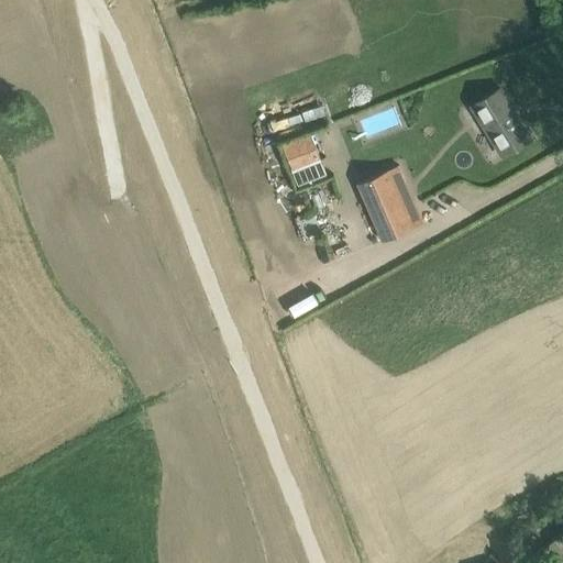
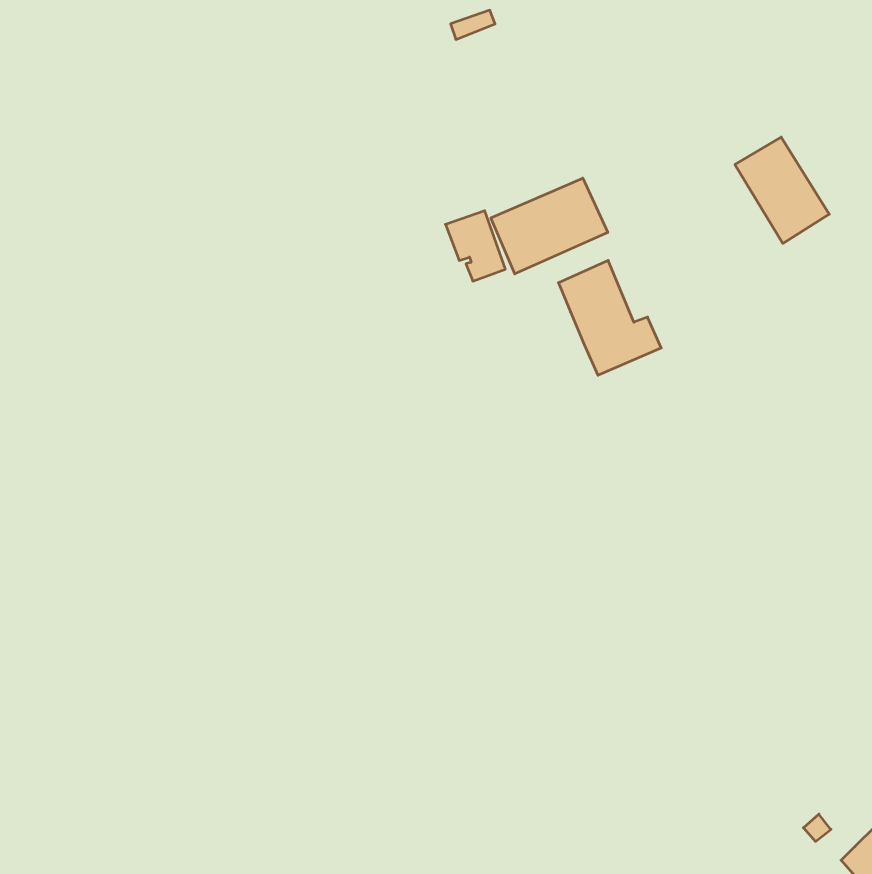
building: none -> [491,178,608,274]

